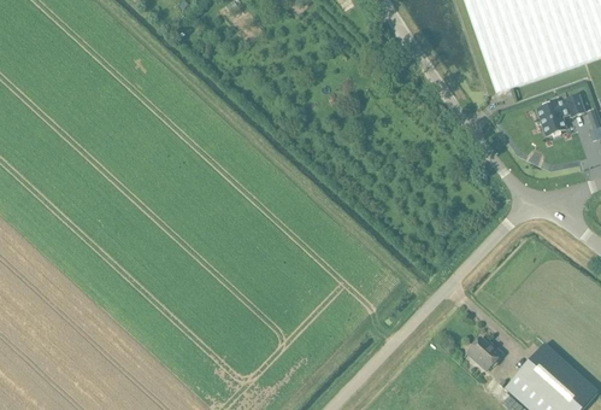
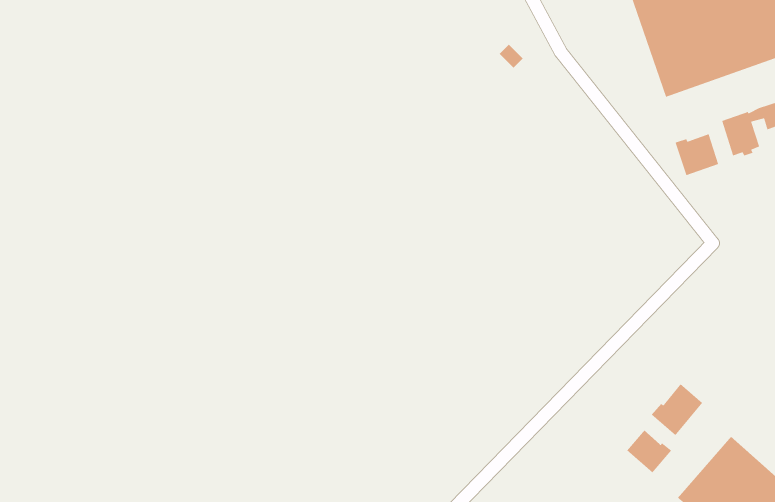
building: none -> [674,133,719,176]
building: none -> [651,383,703,436]

